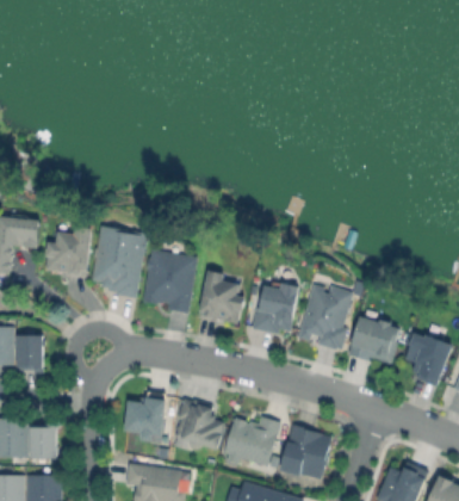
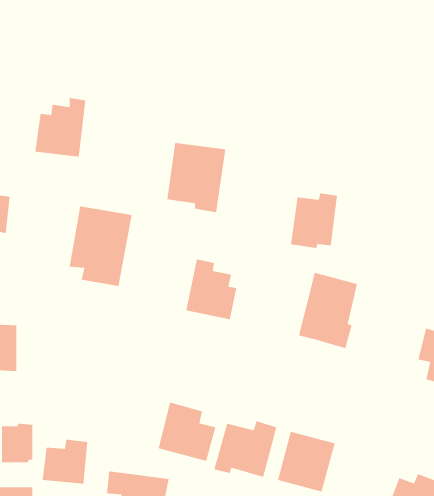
building: [45,223,92,277] -> [34,97,86,157]
building: [142,252,196,315] -> [166,143,226,213]
building: [254,285,297,335] -> [290,193,338,248]
building: [349,317,401,366] -> none
building: [126,390,168,431] -> [42,439,88,484]

